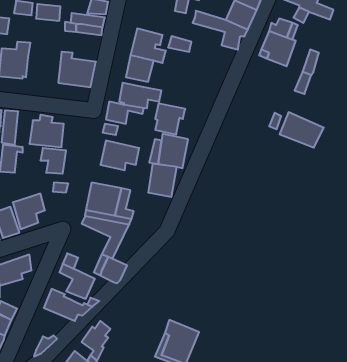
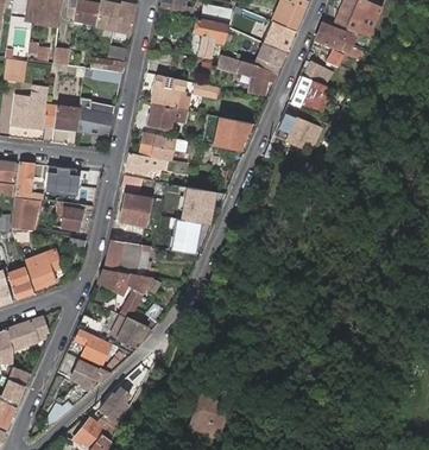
building: none -> [42,104,77,132]
building: [155,103,185,134] -> [217,118,250,151]
building: [280,112,324,148] -> [275,113,322,151]

